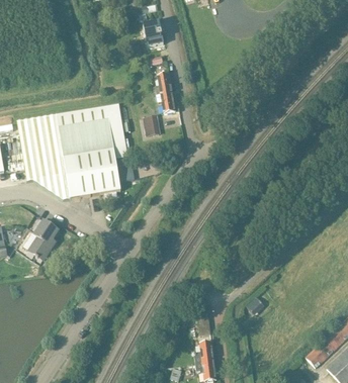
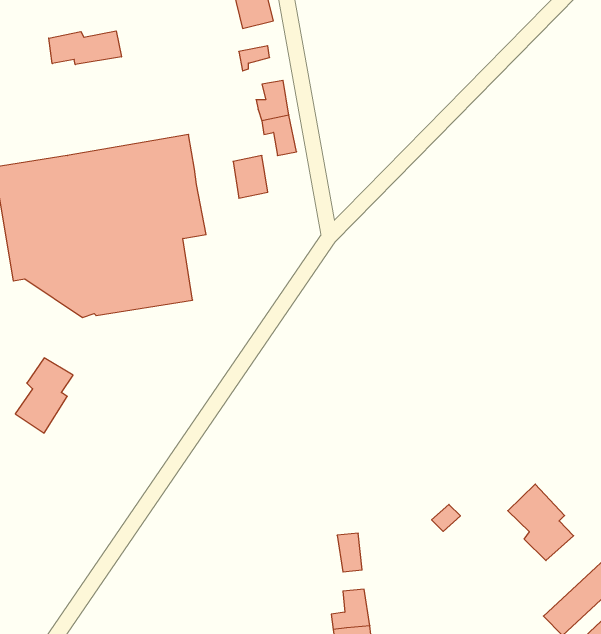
building: none -> [49,31,121,65]
building: none -> [508,484,574,561]

